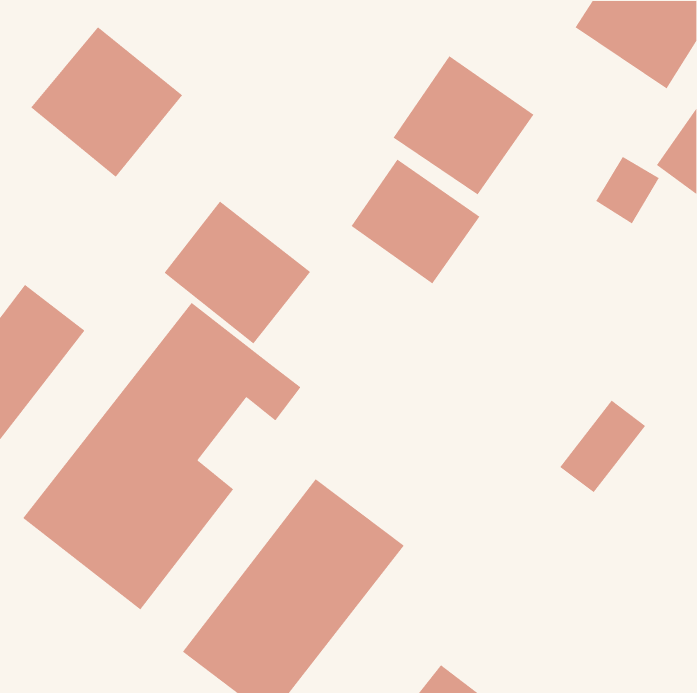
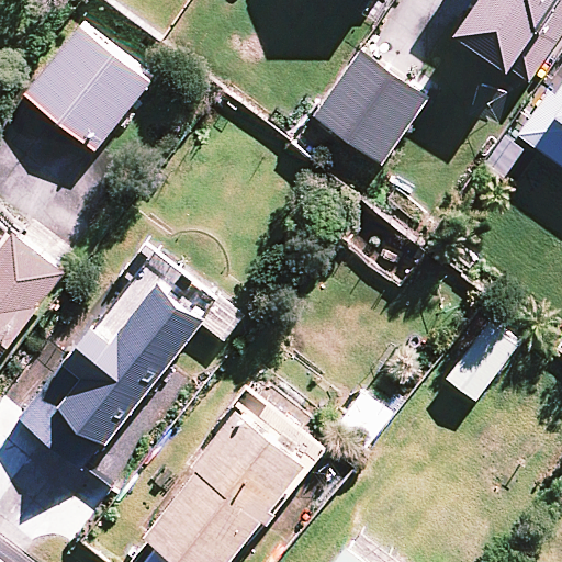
building: [350,159,481,285] -> none
building: [163,201,311,344] -> none

